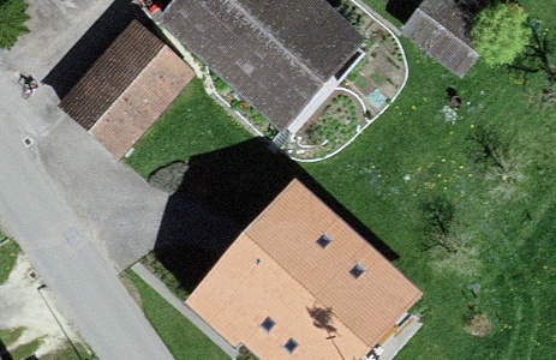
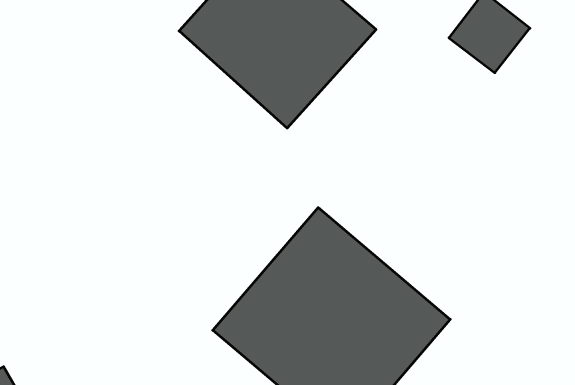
building: [59,30,189,161] -> none

